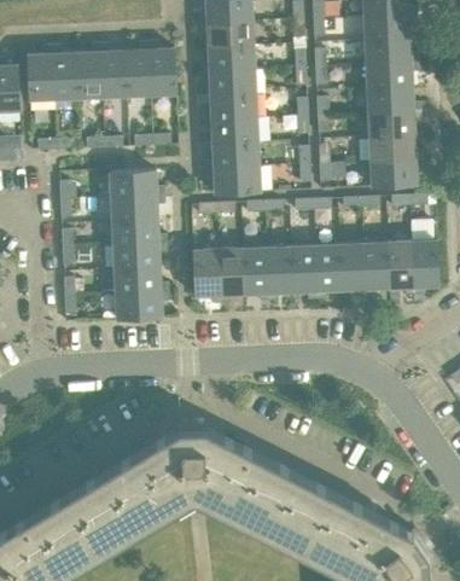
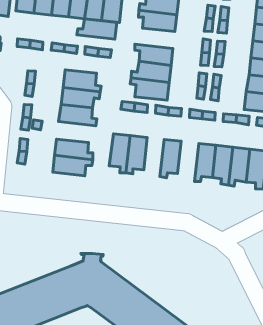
building: [202,94,256,121] -> [77,19,117,39]
building: [112,244,167,272] -> none
building: [289,245,316,300] -> none
building: [240,248,267,302] -> none

